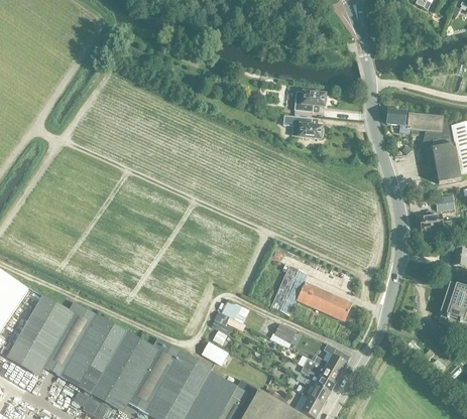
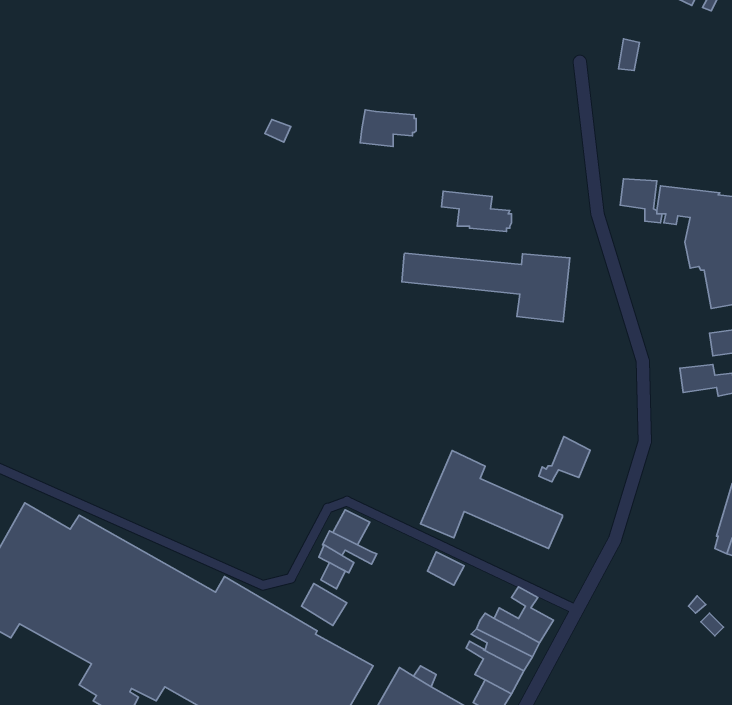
building: [294,92,326,113] -> [360,110,416,146]
building: none -> [402,253,570,322]
building: none -> [539,437,590,482]

